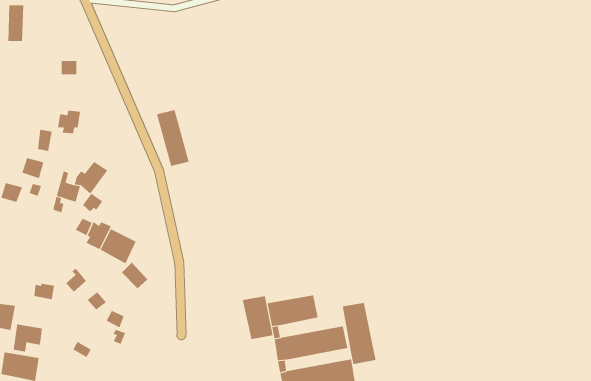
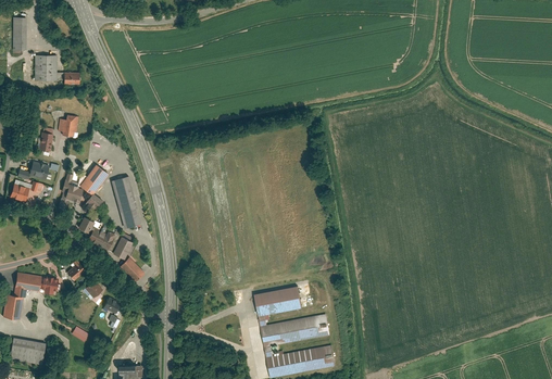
building: none -> [33,53,54,79]
building: [156,110,189,166] -> [110,175,140,227]
building: [242,295,273,340] -> none
building: [342,302,376,365] -> none
building: [13,324,44,352] -> [12,270,40,296]

